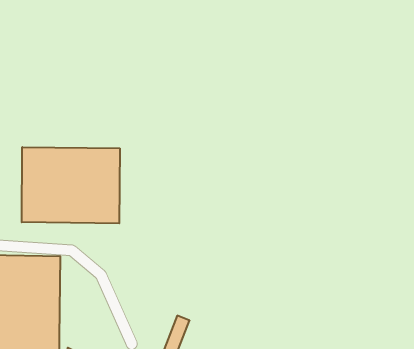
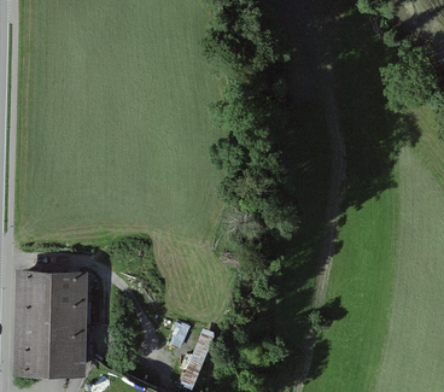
building: [22,147,120,223] -> none

